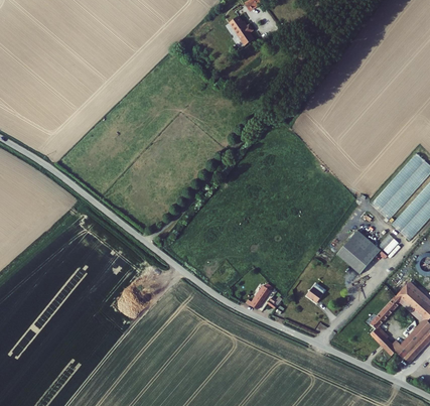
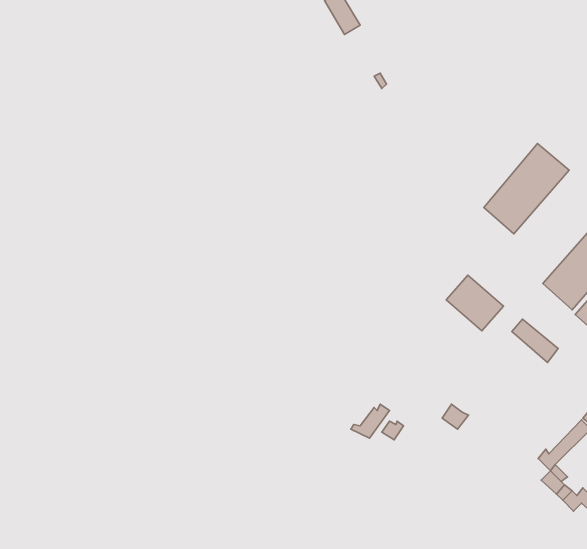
building: none -> [484,144,569,234]
building: [335,237,373,273] -> [446,275,504,331]

